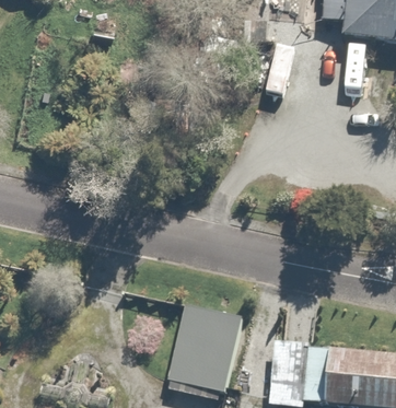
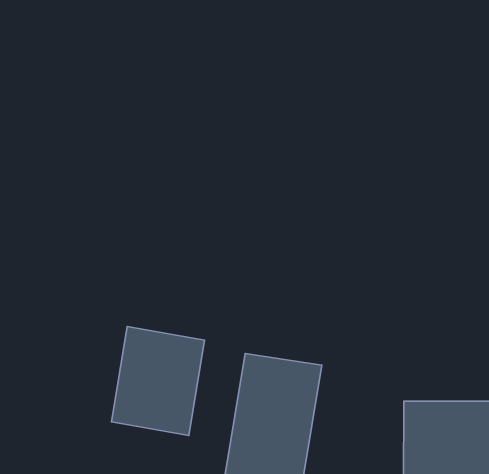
building: none -> [111,326,205,435]

